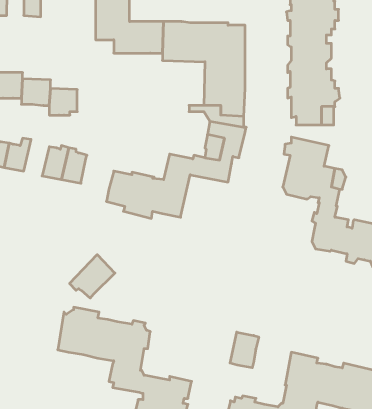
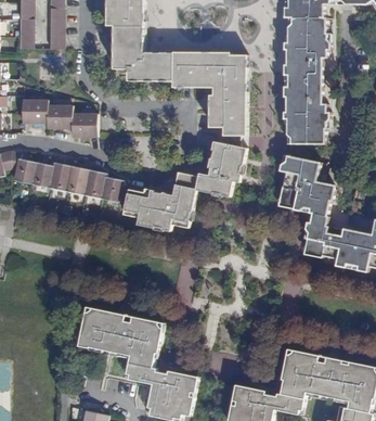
building: none -> [49,157,72,190]
building: none -> [100,175,129,202]
building: [70,255,115,298] -> none
building: [230,332,259,368] -> none

